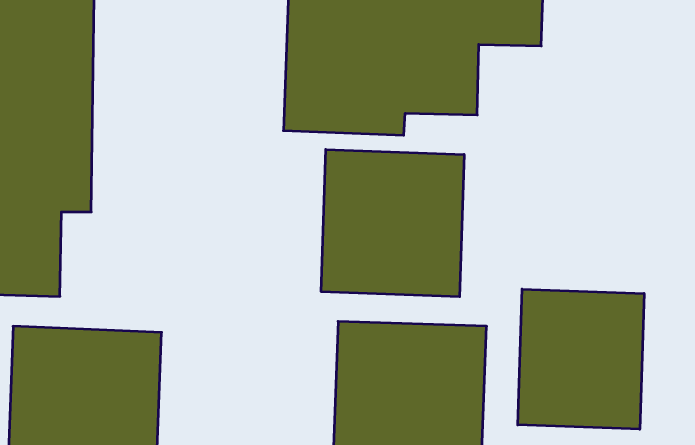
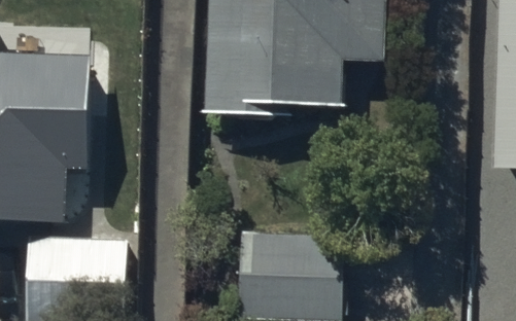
building: [321,149,464,297] -> none
building: [518,289,644,429] -> none

